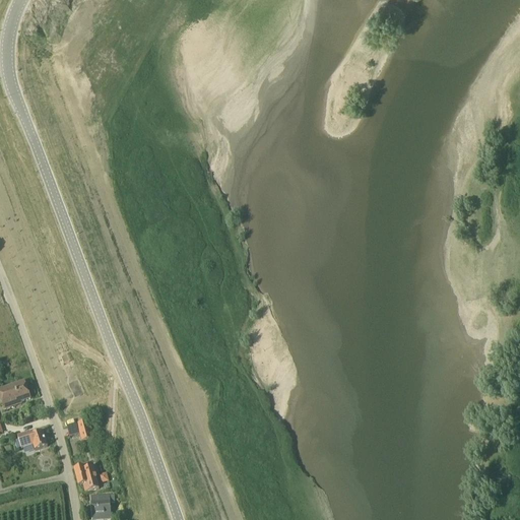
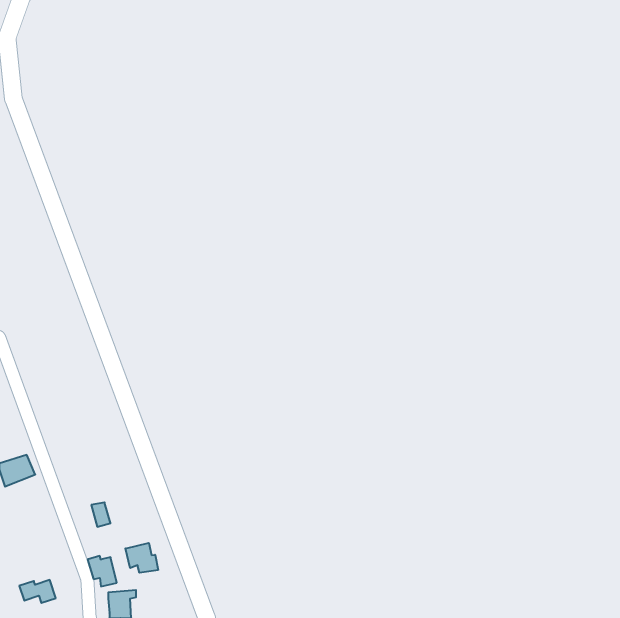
building: [16,430,47,449] -> [19,580,56,603]
building: none -> [125,543,158,573]

